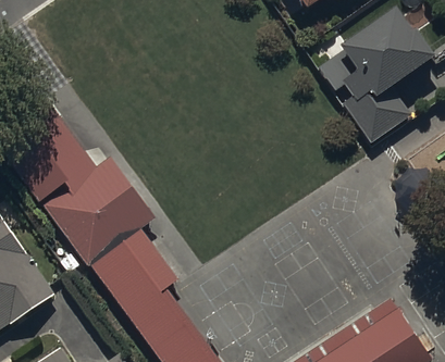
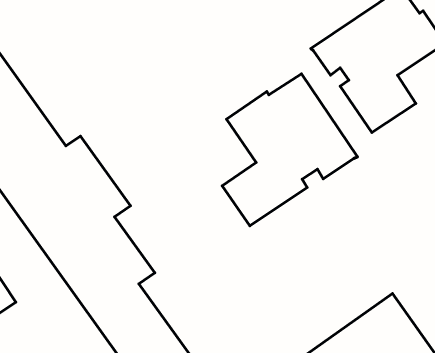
building: none -> [222,74,358,226]

